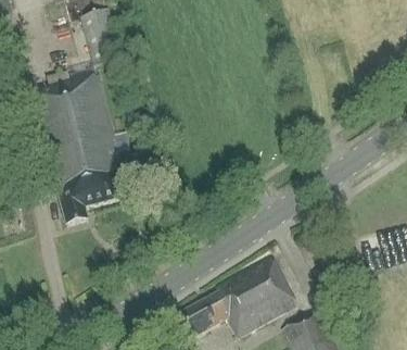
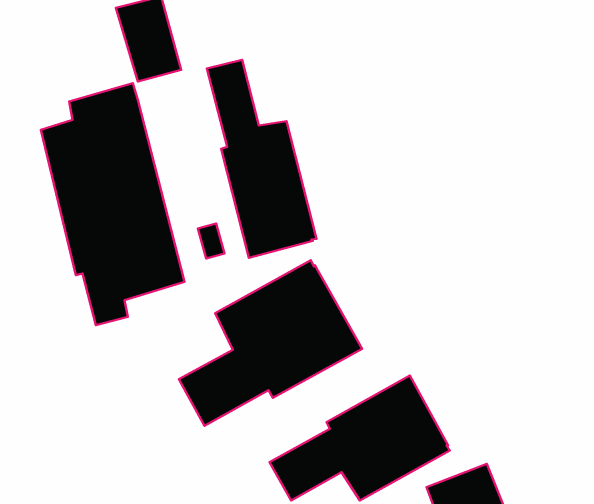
building: none -> [207,60,317,258]
building: none -> [179,260,362,426]

